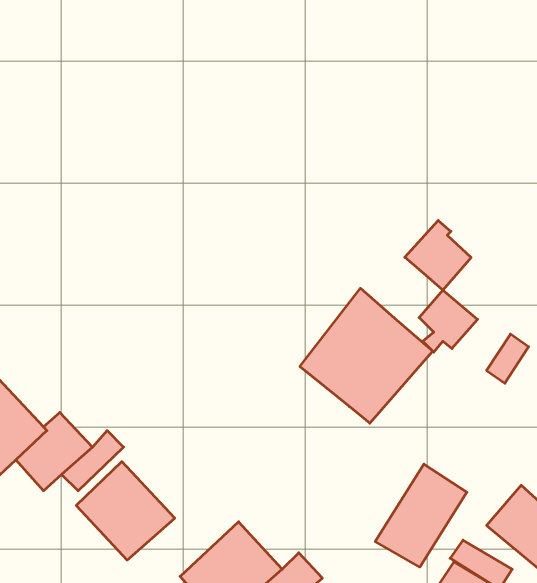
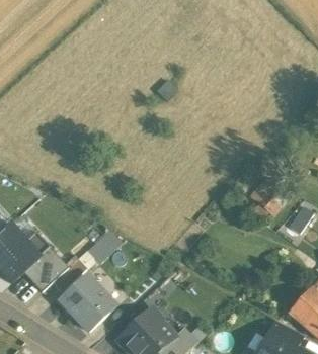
building: [405,220,471,290] -> none
building: [300,288,433,423] -> none
building: [375,464,467,567] -> none

